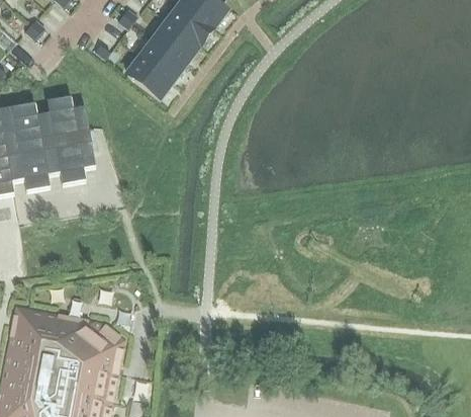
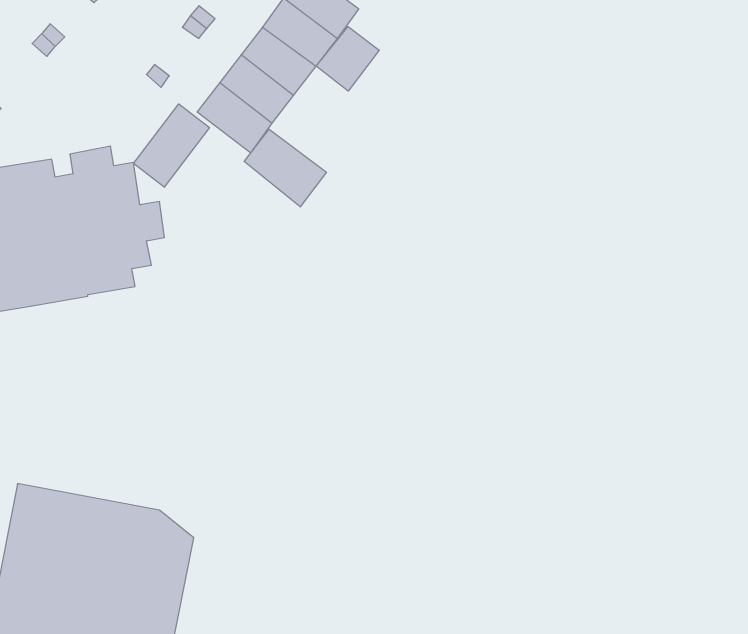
building: none -> [316,27,379,91]
building: none -> [134,104,209,187]
building: none -> [244,129,326,207]

